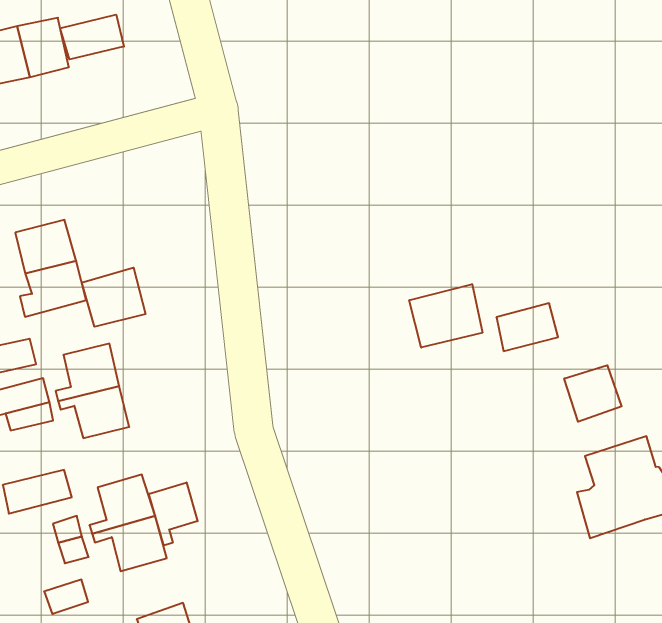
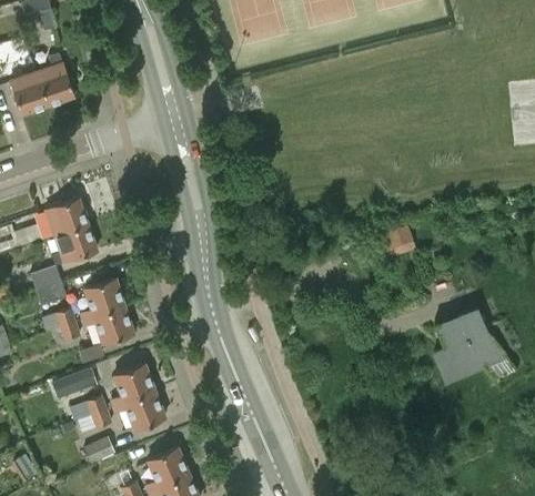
building: [60,15,124,59] -> none
building: [82,268,146,327] -> none
building: [409,284,482,348] -> none
building: [564,365,622,422] -> none
building: [149,482,198,545] -> none

